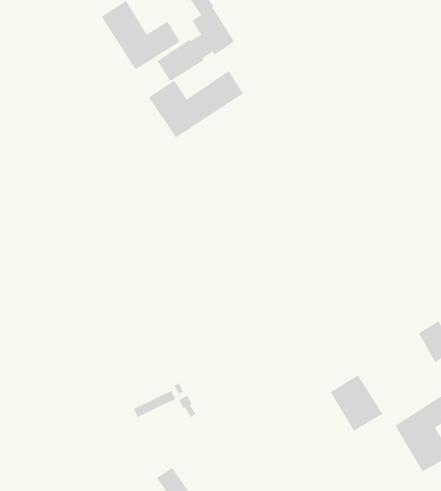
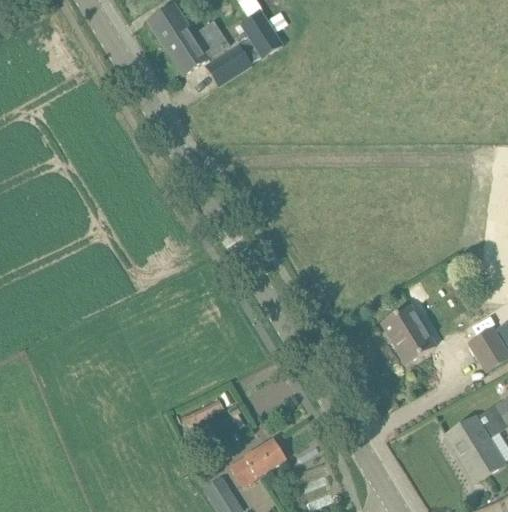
building: [148,70,244,138] -> none
building: [330,374,383,432] -> [382,305,436,363]
building: none -> [229,438,286,486]

